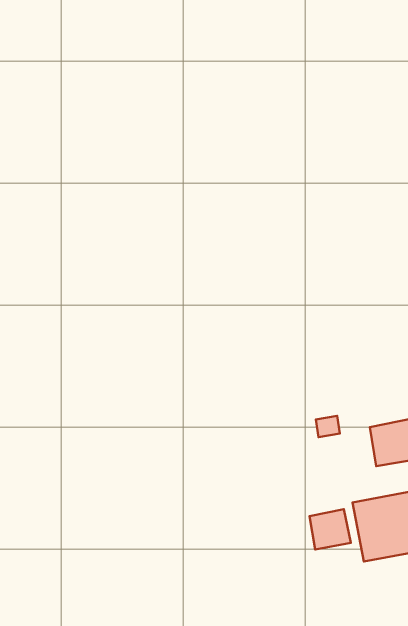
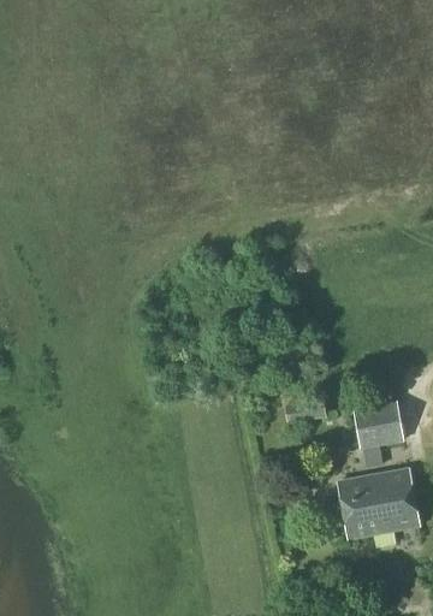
building: [309,509,351,550] -> none

